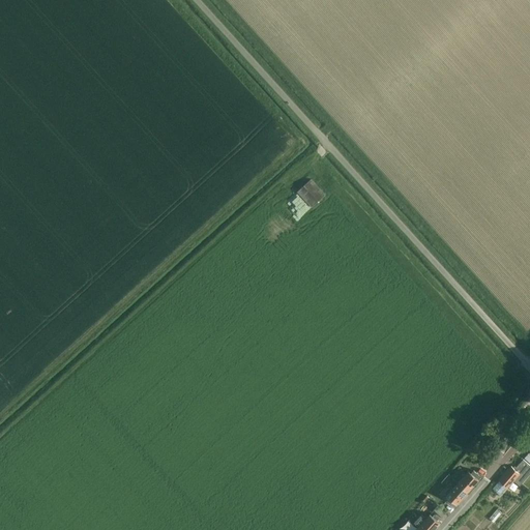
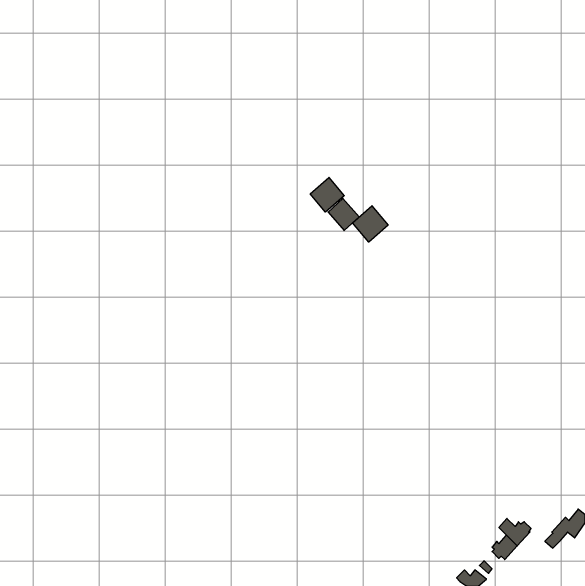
building: none -> [310,177,344,212]
building: none -> [353,206,388,242]

